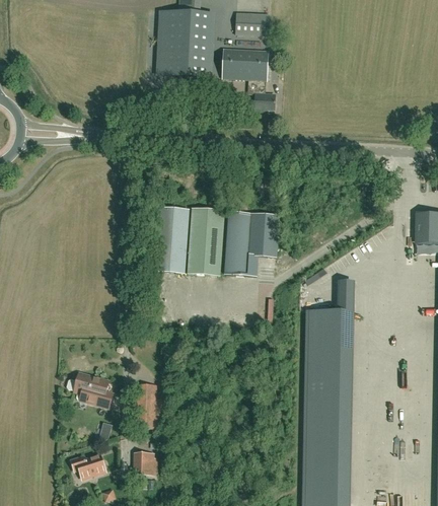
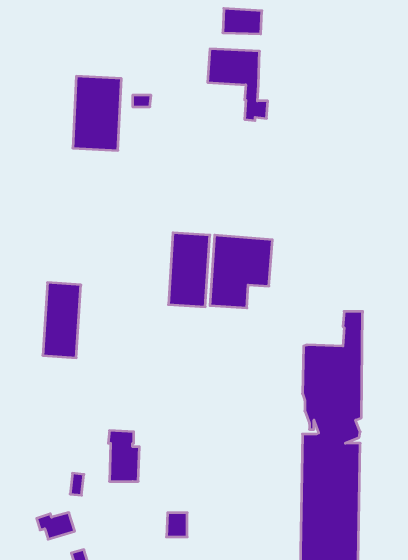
building: [162,10,205,75] -> [73,76,121,150]
building: [153,206,187,272] -> [43,283,81,358]
building: [65,371,112,407] -> none
building: [133,452,151,474] -> [166,513,187,537]

